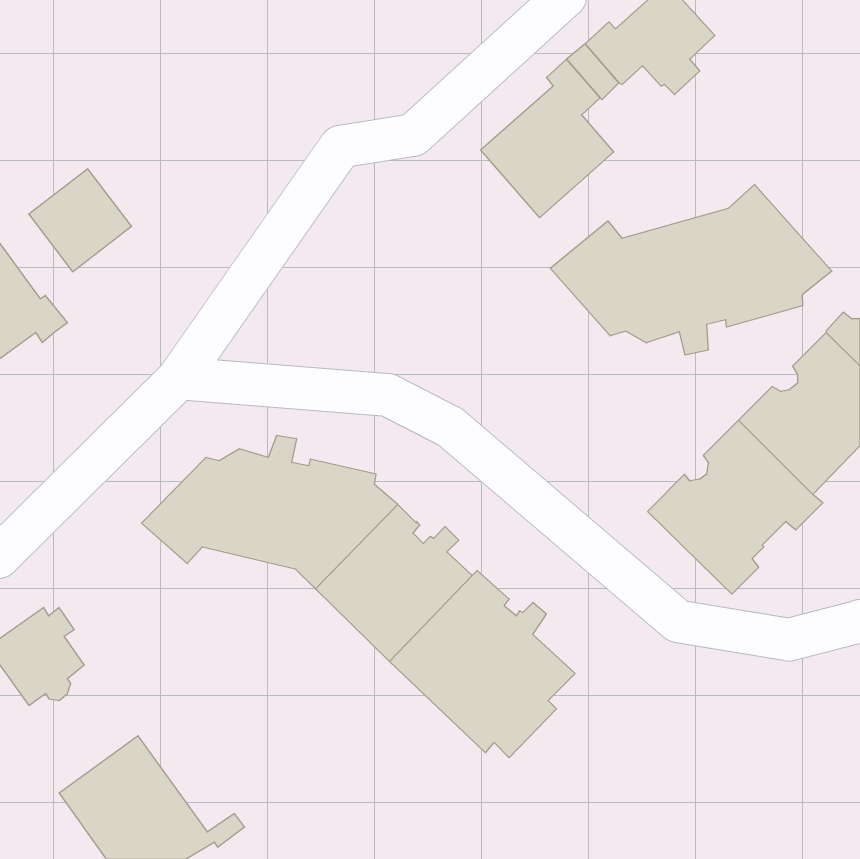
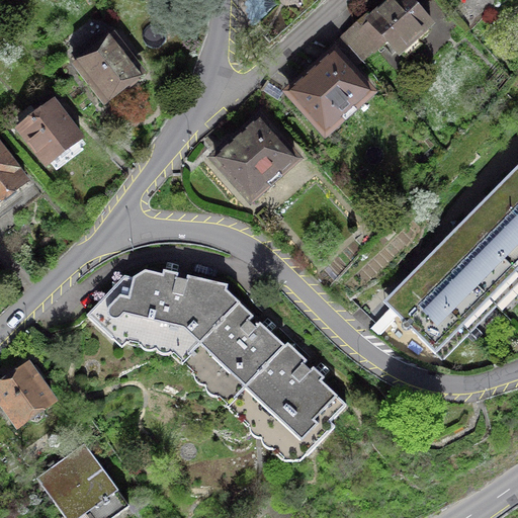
building: none -> [72,27,138,96]
building: [550,185,832,355] -> none
building: none -> [213,117,294,197]

